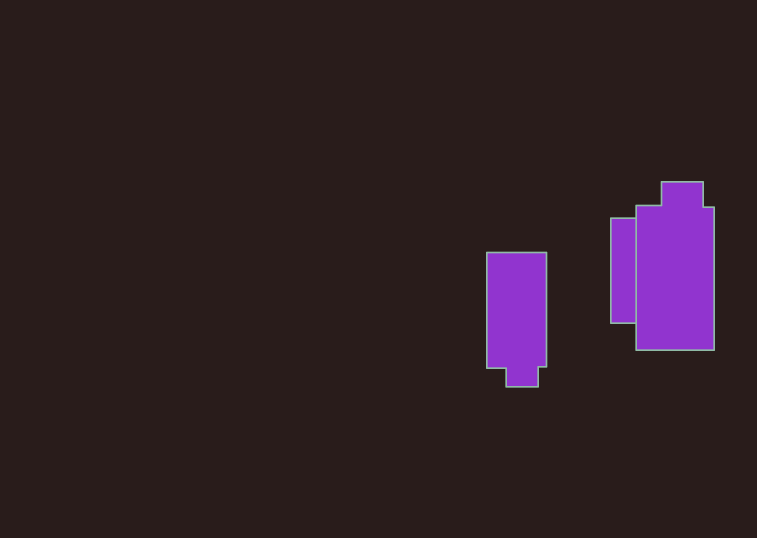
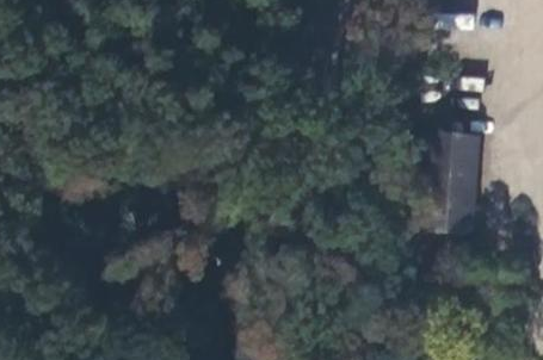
building: [487,253,546,387] -> none

